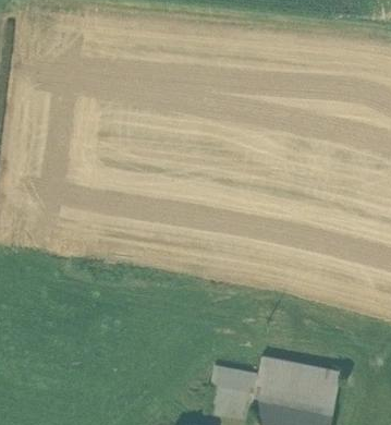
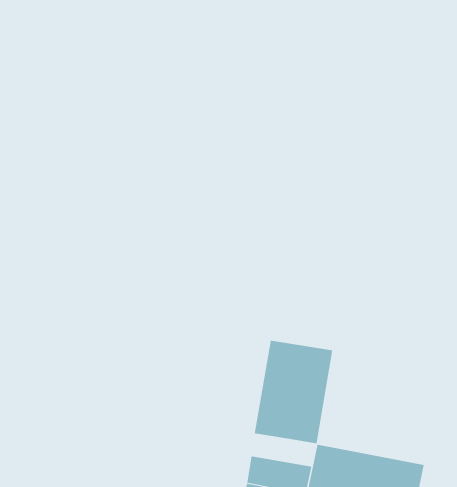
building: none -> [254,340,333,444]

